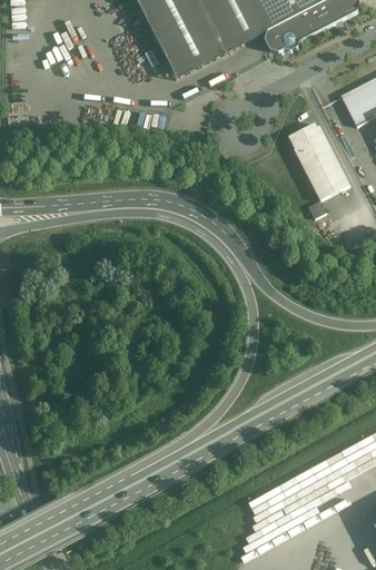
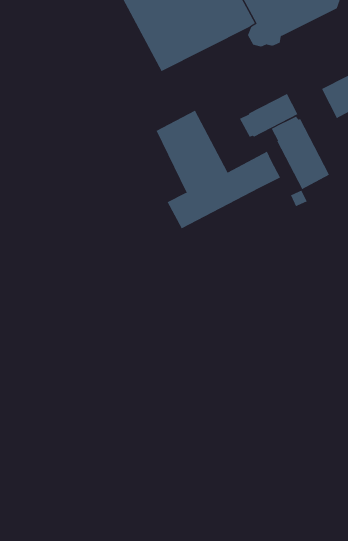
building: none -> [239,93,298,138]
building: none -> [156,110,281,229]

